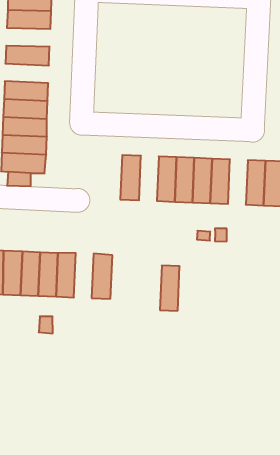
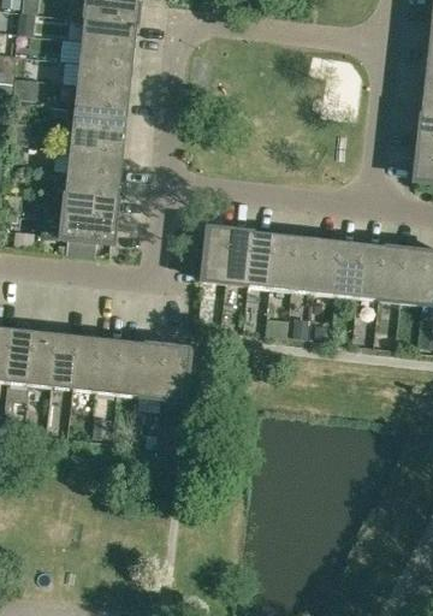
building: none -> [76,60,131,87]
building: none -> [71,103,126,131]
building: none -> [225,227,253,284]
building: none -> [333,239,361,296]
building: [160,266,180,311] -> [137,340,165,397]

